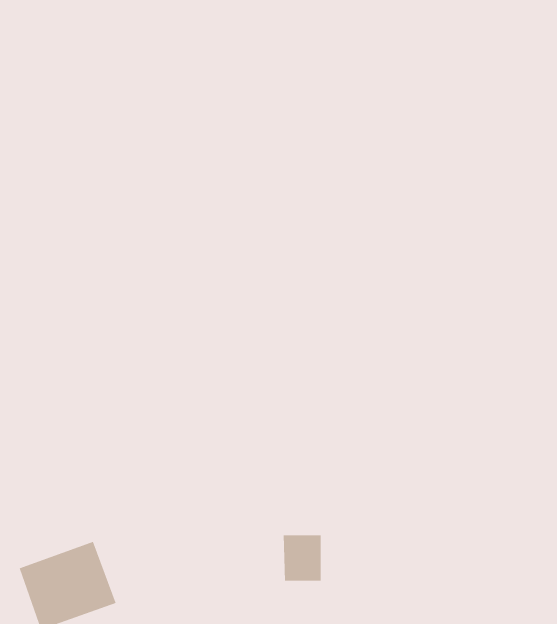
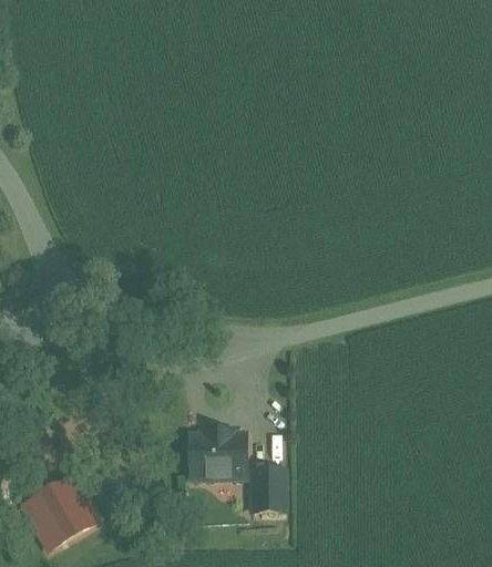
building: none -> [188,430,242,477]

